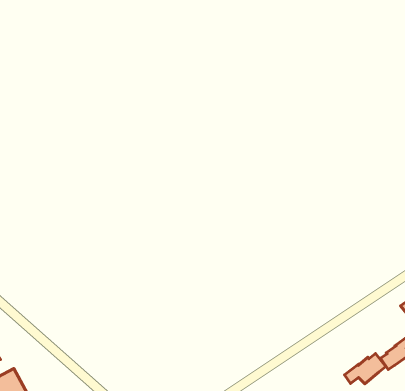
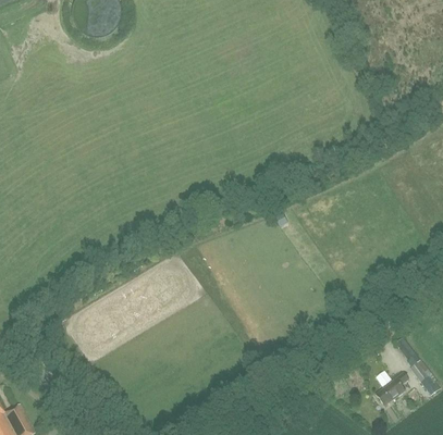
building: [344,353,386,384] -> none

